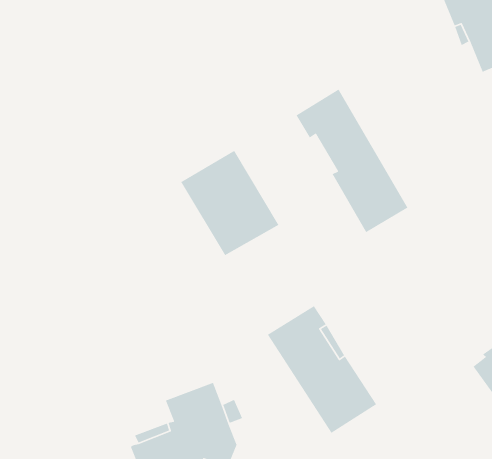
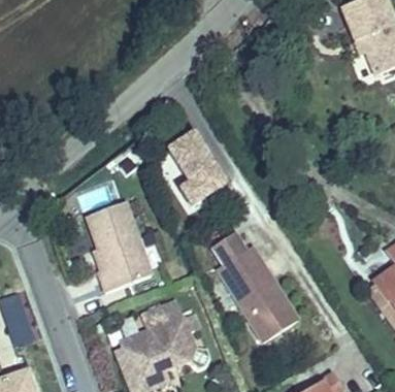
building: [296,88,408,233] -> none
building: none -> [86,203,152,293]

